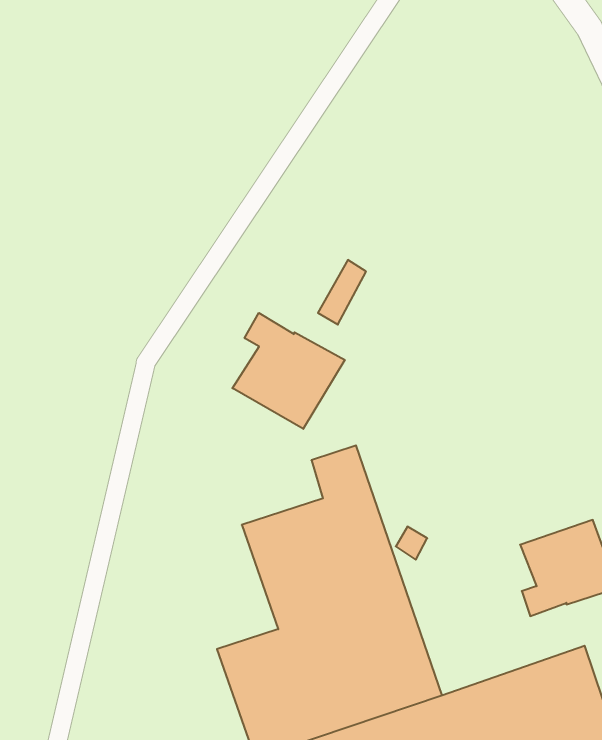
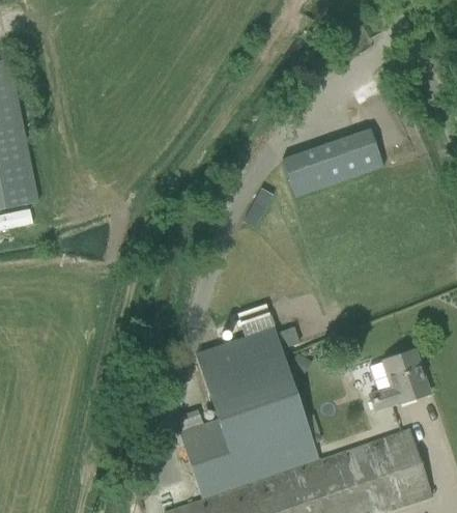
building: none -> [283,129,383,197]
building: [232,313,345,429] -> none

